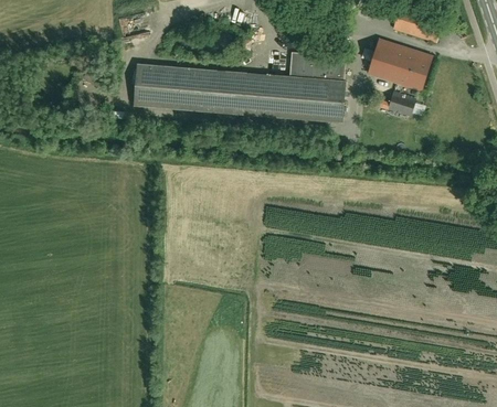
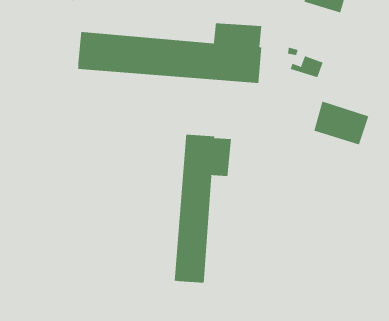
building: [368,39,432,89] -> [313,101,369,145]
building: none -> [174,134,232,284]

